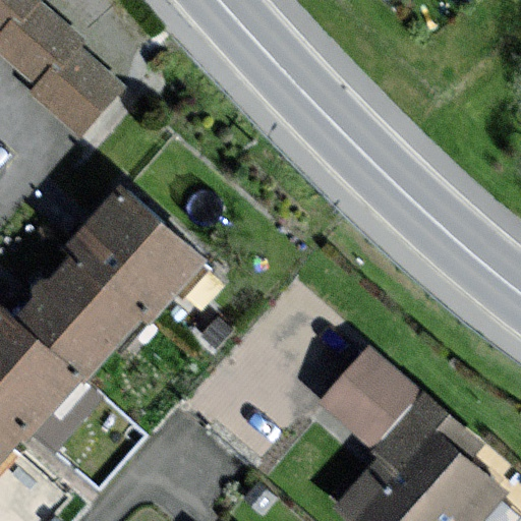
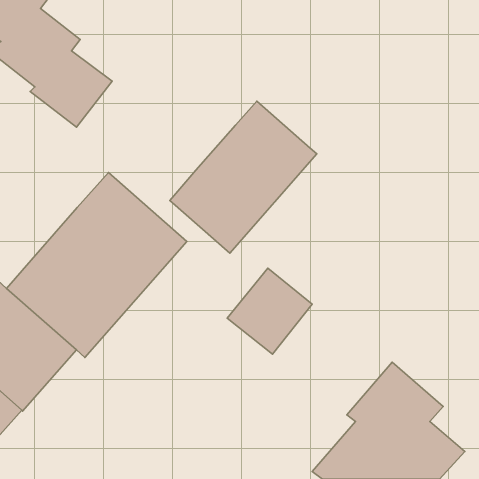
building: none -> [170,101,317,253]
building: [324,350,415,443] -> [227,268,312,354]

